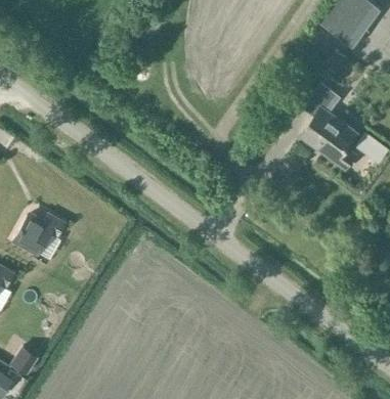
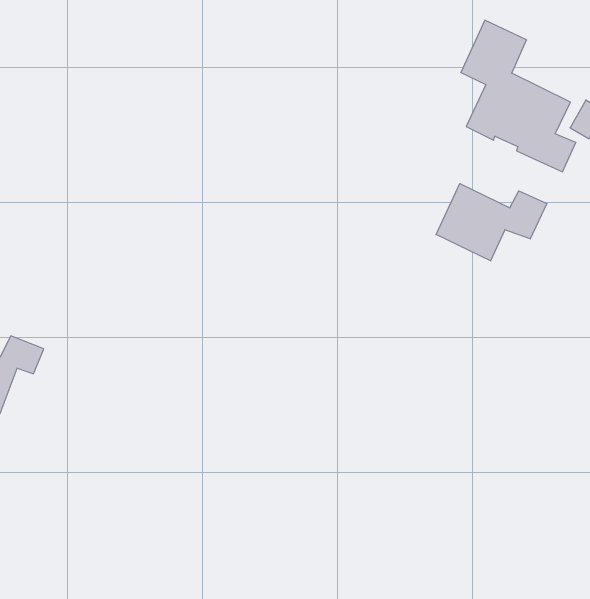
building: none -> [436,184,547,261]

